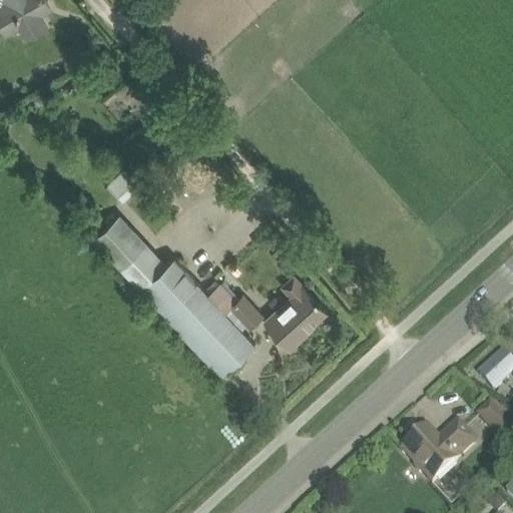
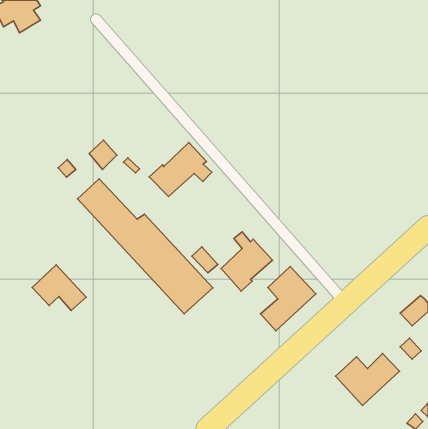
building: none -> [149,143,212,197]
building: none -> [32,265,86,311]
building: none -> [260,267,316,331]

